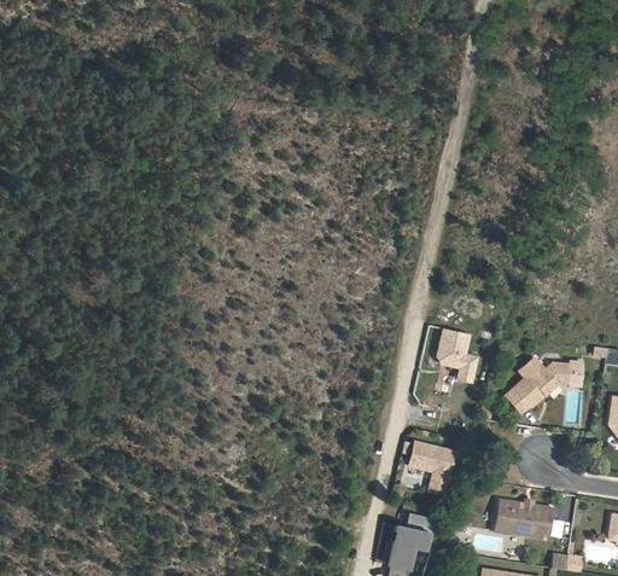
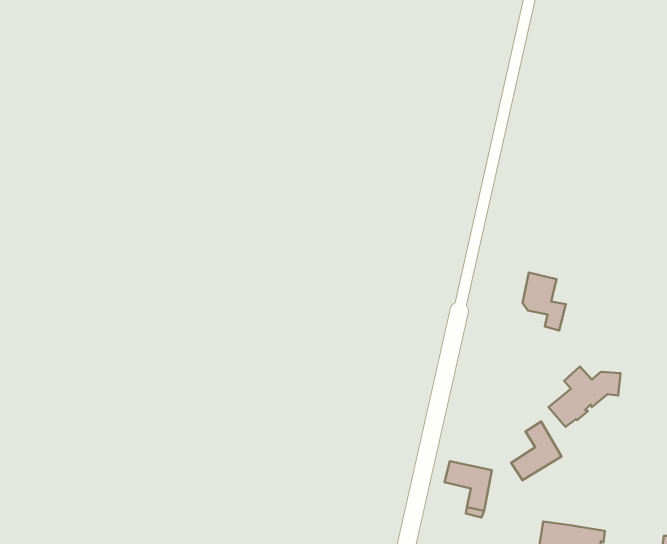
building: [437,328,477,382] -> [522,273,566,330]
building: none -> [511,422,561,480]

